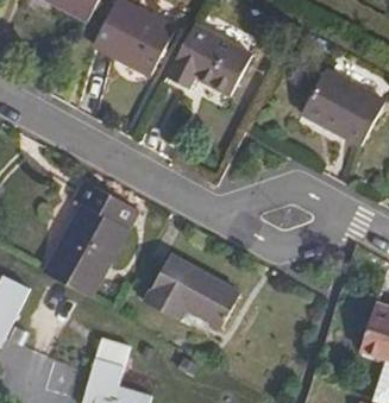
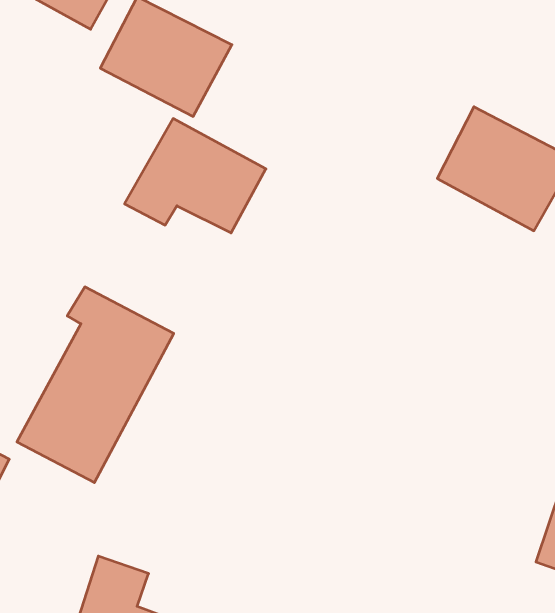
building: [165,29,252,99] -> [125,119,266,233]
building: [144,258,239,332] -> none

